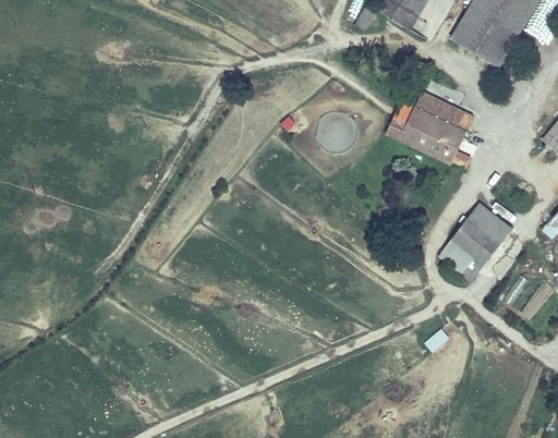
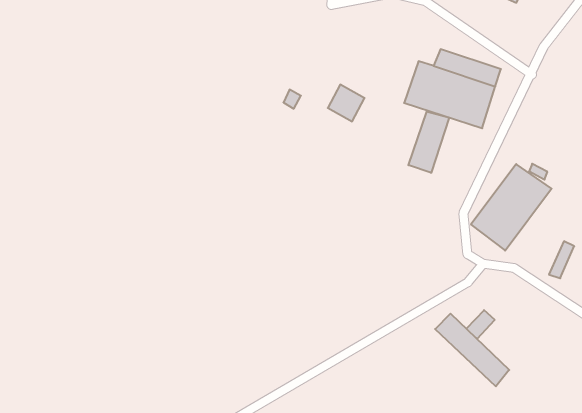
building: none -> [408,111,449,173]
building: none -> [435,314,509,386]

